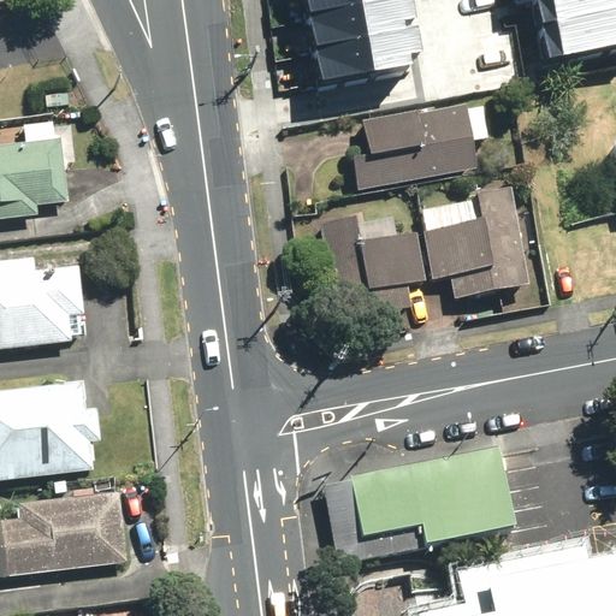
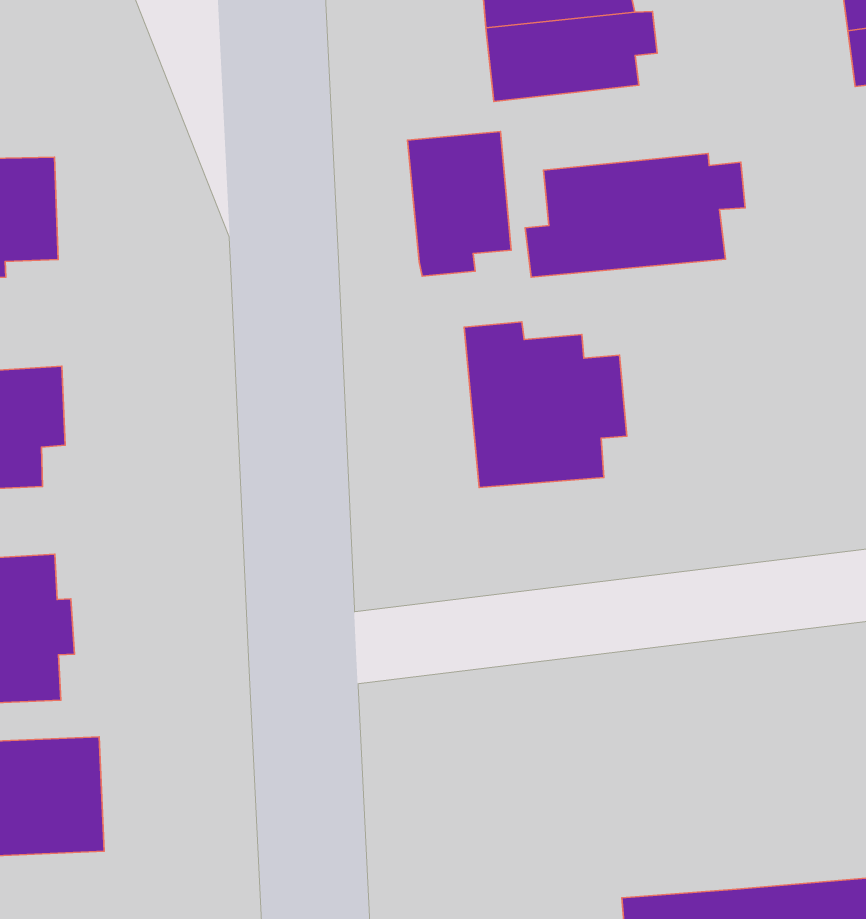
building: none -> [407,131,511,276]
building: [419,190,527,300] -> none
building: [343,445,509,544] -> none

